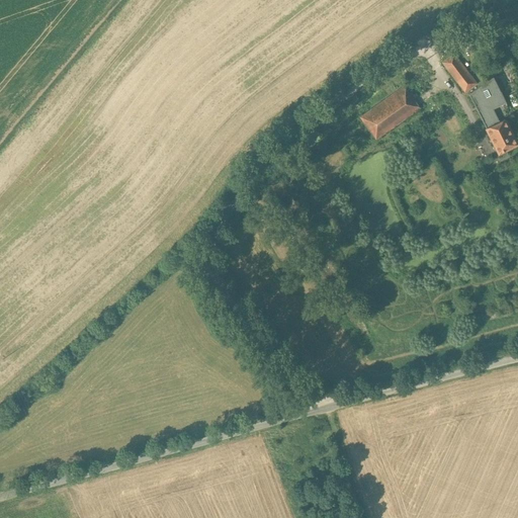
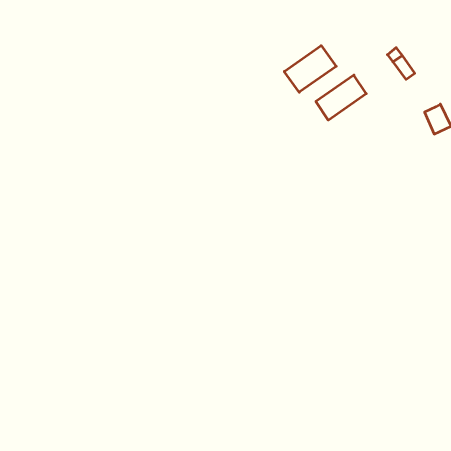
building: none -> [284,46,336,92]
building: [470,77,506,128] -> none

